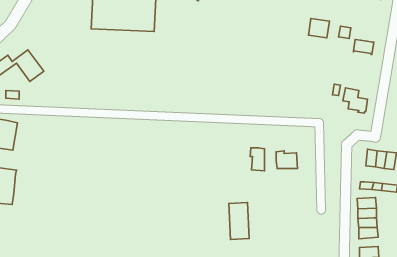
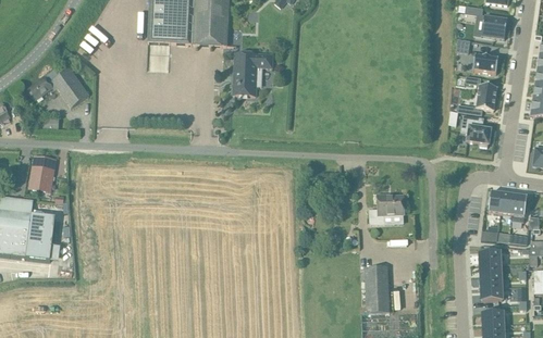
building: [308,18,329,38] -> [481,14,507,38]
building: none -> [233,52,272,95]
building: none -> [472,84,496,114]
building: [250,148,265,171] -> none
building: [229,202,249,239] -> [365,266,390,312]

